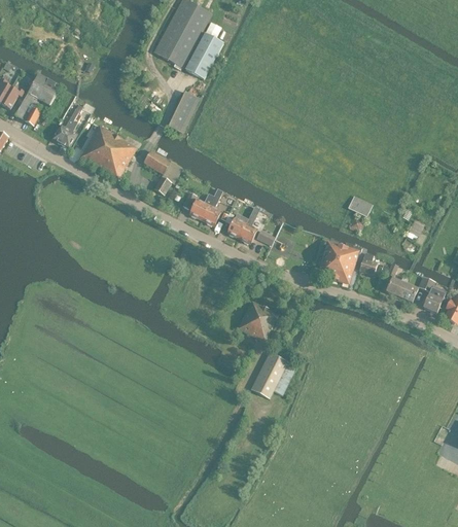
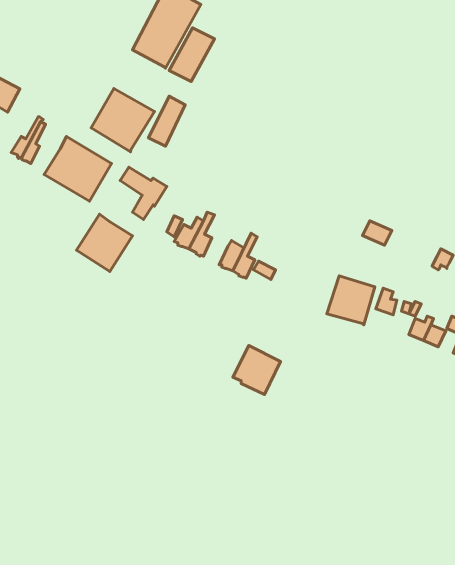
building: none -> [91,89,155,152]
building: none -> [77,214,133,271]
building: [251,352,297,398] -> none

